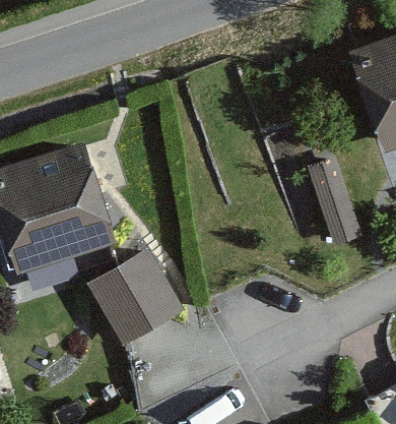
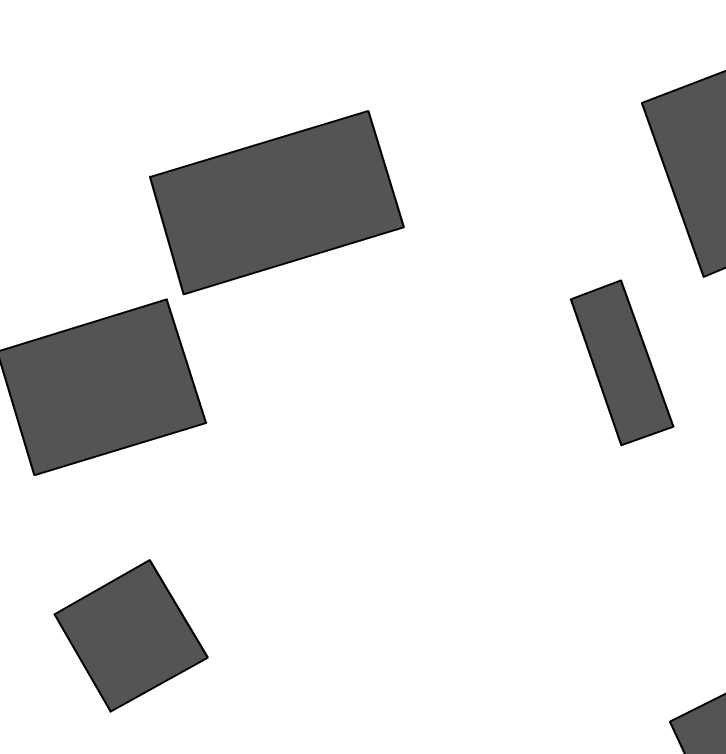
building: none -> [150,111,404,294]
building: [95,255,179,338] -> [54,560,208,712]

